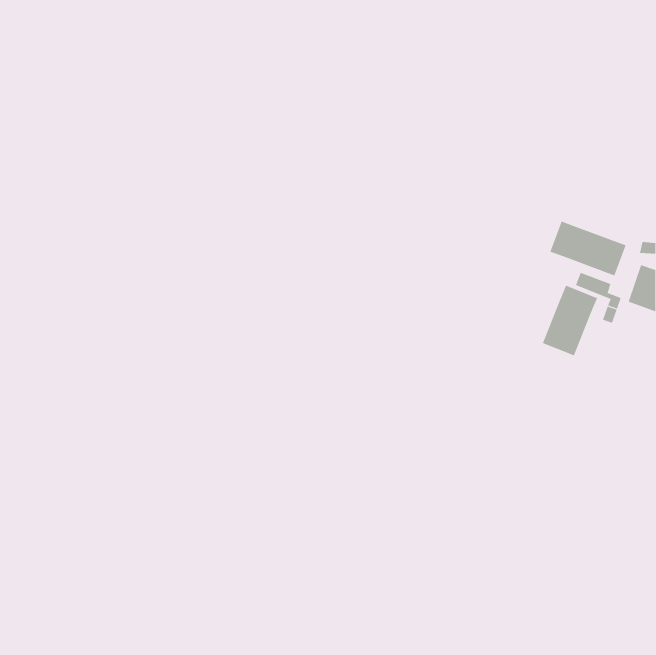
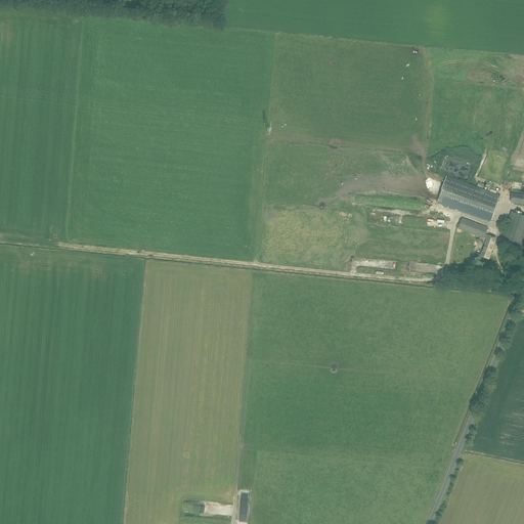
building: [542,285,598,356] -> none

